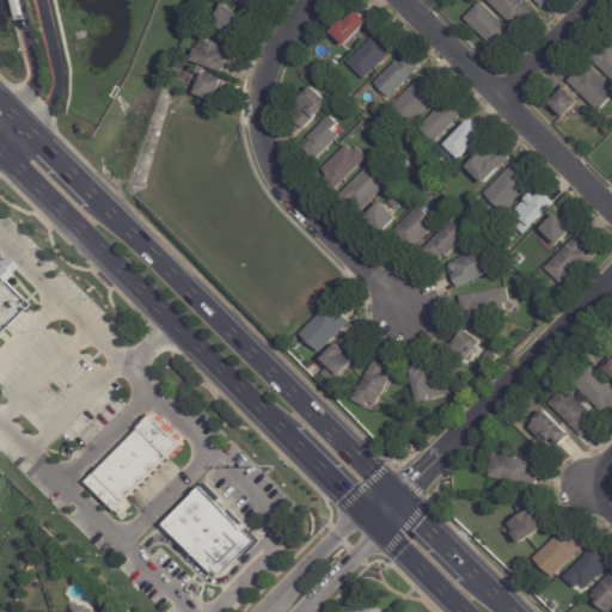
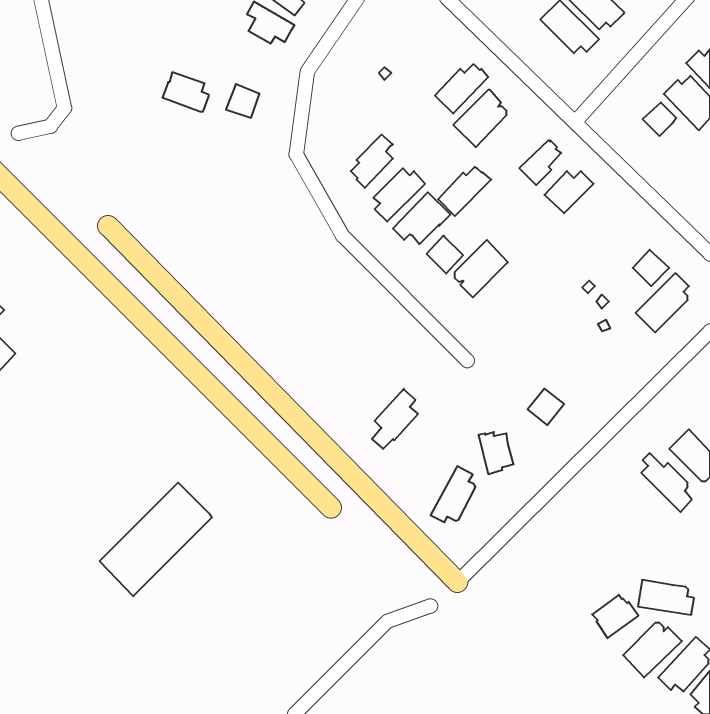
building: [329,8,367,44] -> none
building: [343,29,388,79] -> none
building: [190,38,230,72] -> [162,72,209,112]
building: [288,85,324,128] -> none
building: [416,99,461,141] -> [438,167,491,216]
building: [481,163,526,212] -> none
building: [509,190,552,233] -> none
building: [418,220,463,262] -> none
building: [445,244,492,288] -> none
building: [457,286,506,317] -> none
building: [298,306,347,351] -> none
building: [349,357,387,405] -> [431,466,476,522]
building: [526,410,567,446] -> none
building: [486,454,534,484] -> [638,580,694,615]
building: [159,485,250,576] -> none

